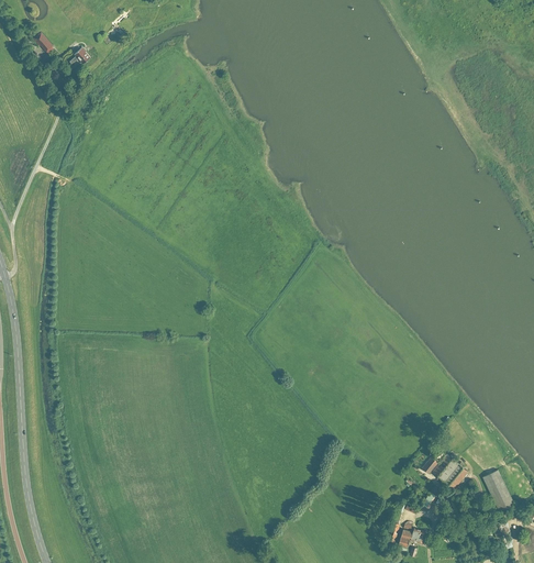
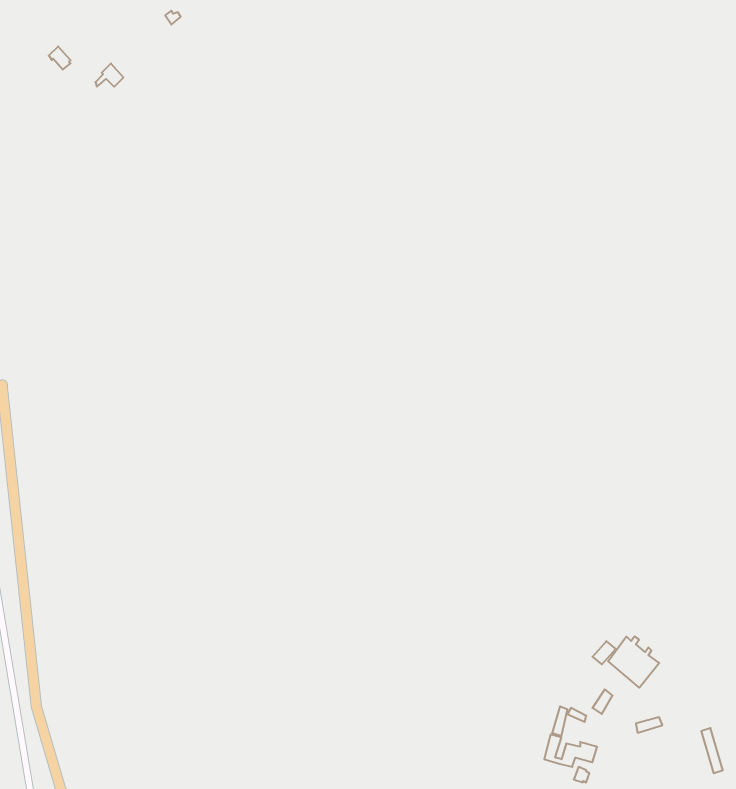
building: [481,468,514,511] -> none

